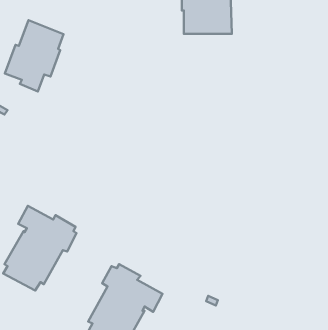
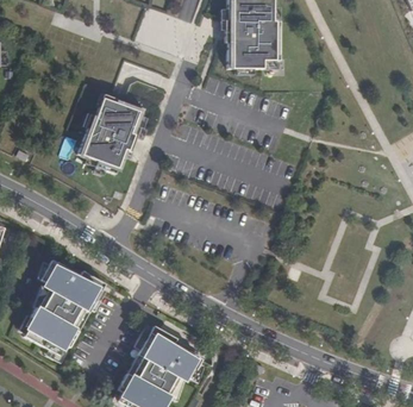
building: [5,20,63,91] -> [75,93,140,173]

